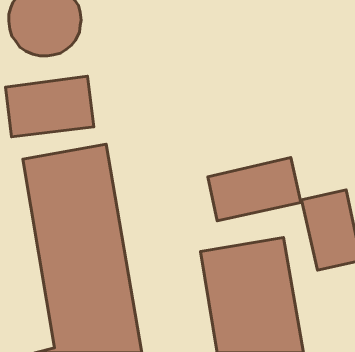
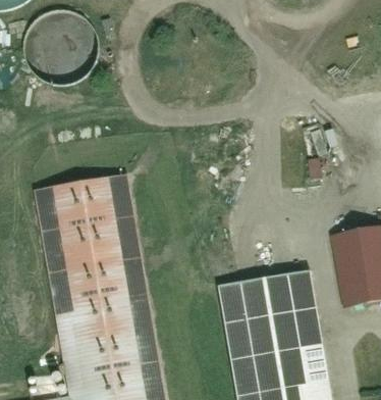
building: [6,76,94,137] -> none
building: [208,157,301,221] -> none

